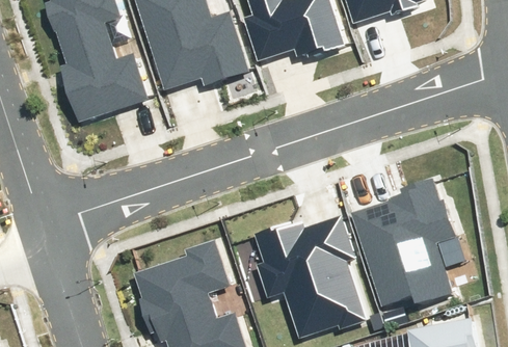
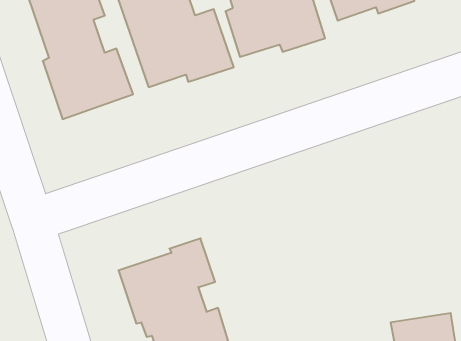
building: [347,179,456,308] -> none
building: [253,216,365,339] -> none

